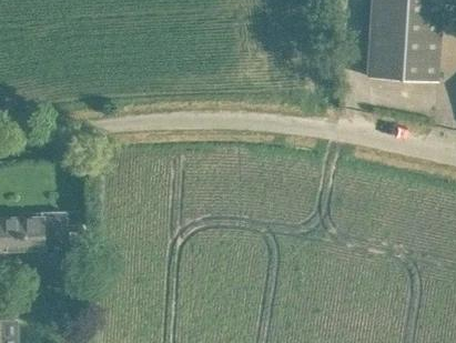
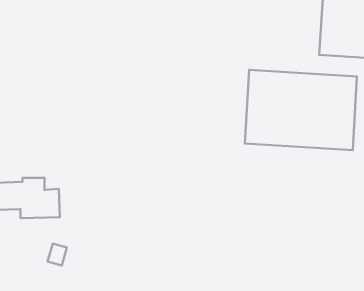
building: none -> [245,70,357,150]

